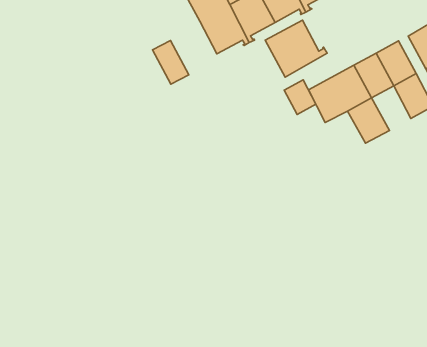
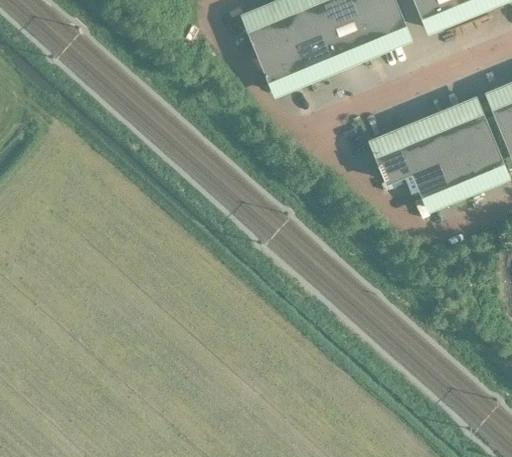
building: [265,20,327,77] -> none
building: [153,40,189,84] -> none
building: [284,80,316,115] -> none
building: none -> [439,147,480,196]

